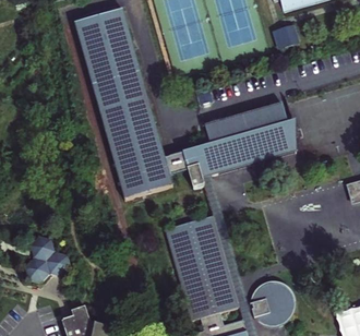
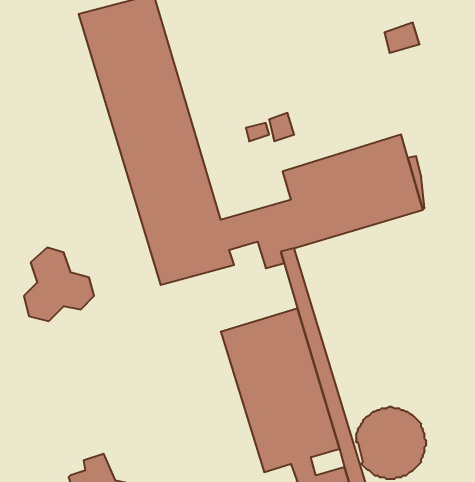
building: [23,233,69,281] -> [24,248,94,321]

